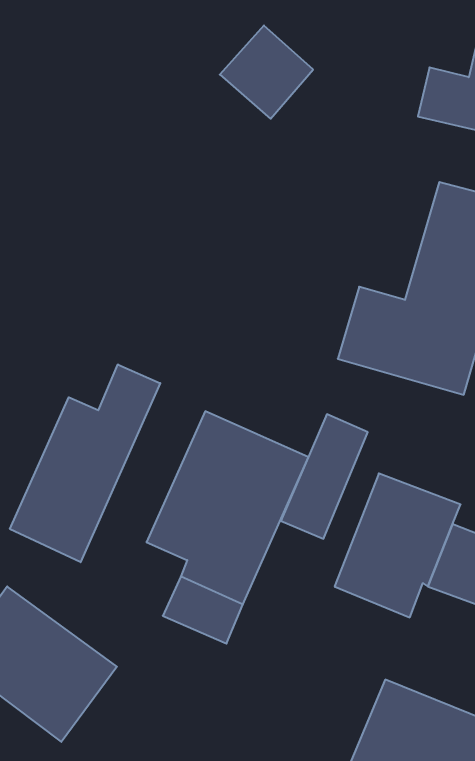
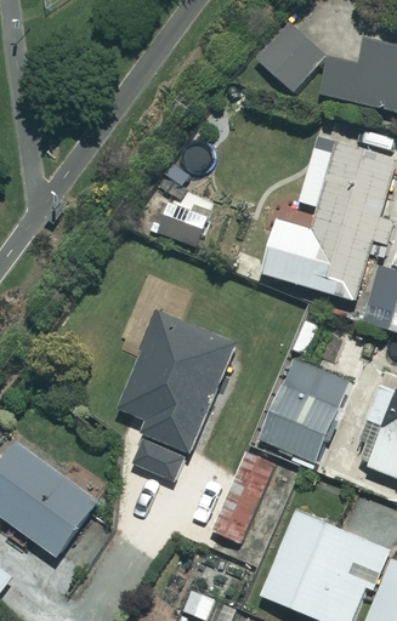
building: [220,25,313,119] -> [255,23,324,92]
building: [10,364,160,562] -> none
building: [281,414,368,539] -> [212,451,277,543]

